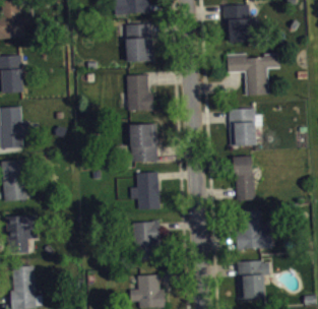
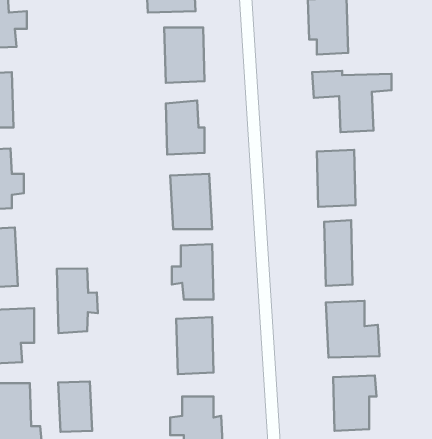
building: none -> [57,269,98,333]
building: none -> [58,382,92,432]

